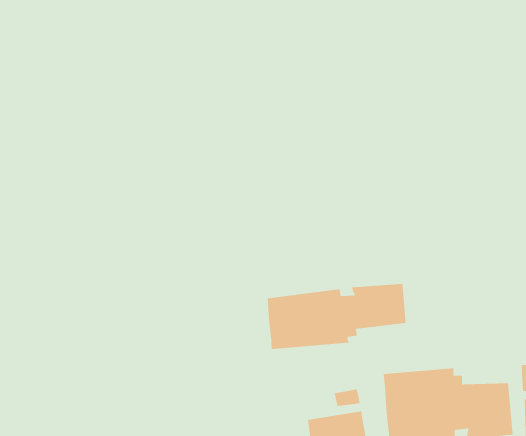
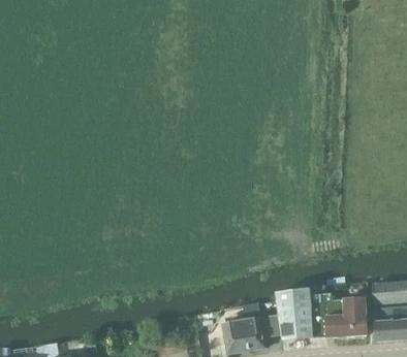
building: [267,283,406,350] -> none

